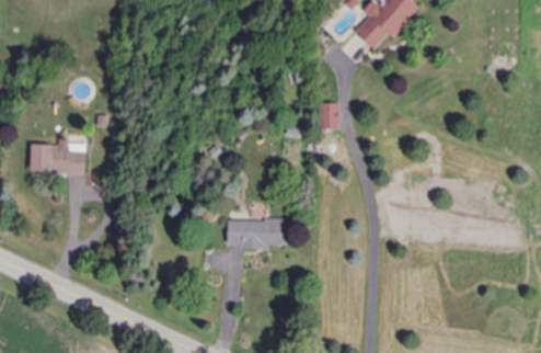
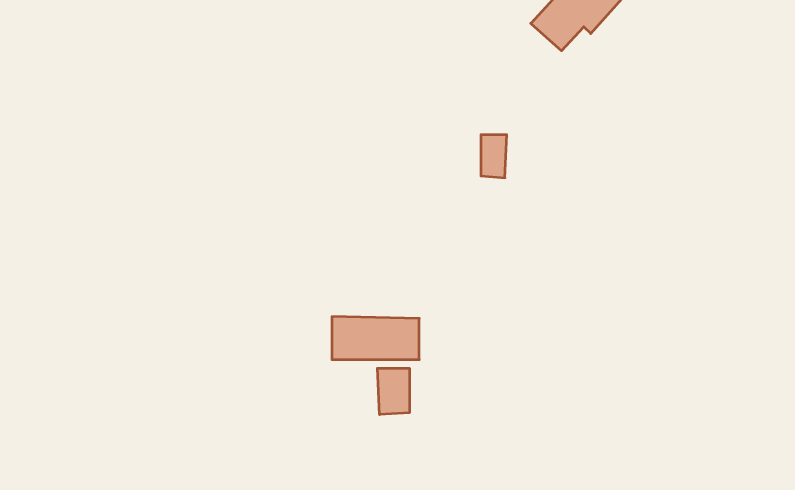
building: [30,141,85,173] -> none
building: none -> [377,368,409,415]

